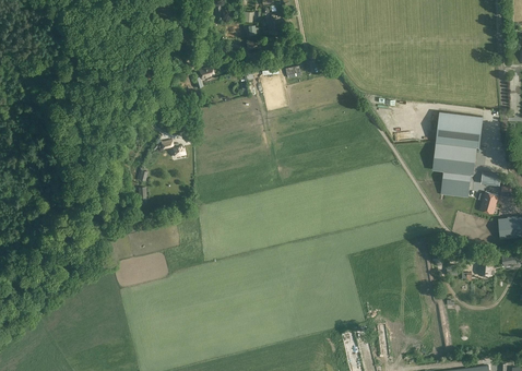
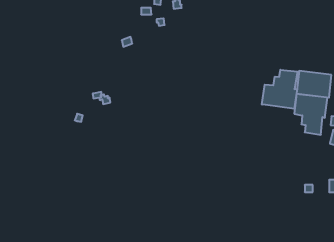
building: none -> [262,70,297,109]

